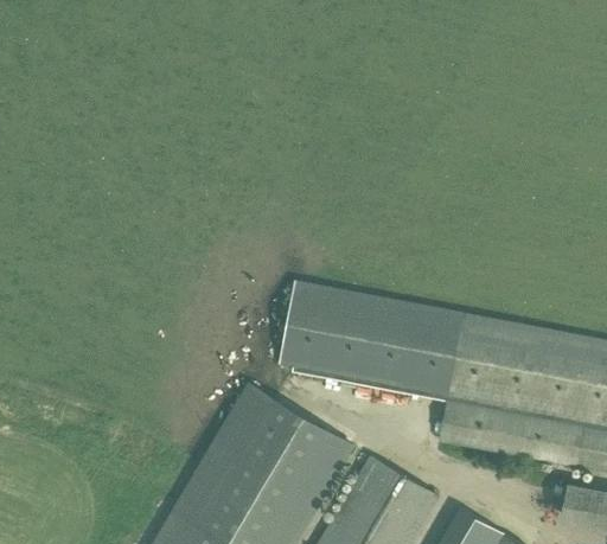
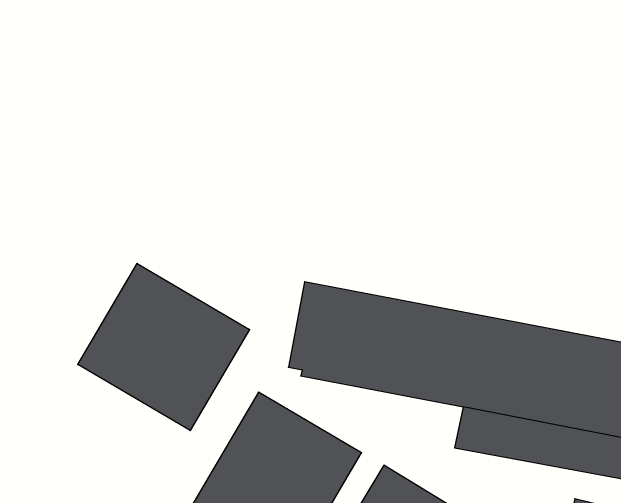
building: none -> [78,263,250,431]

